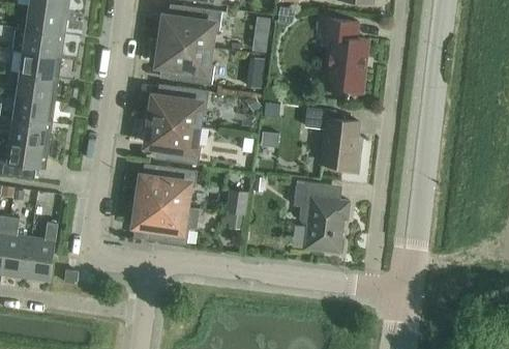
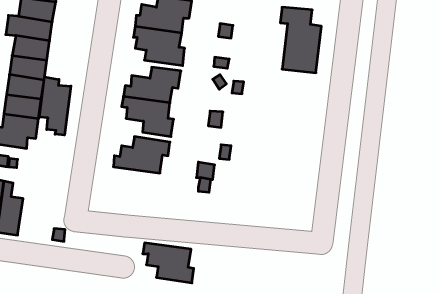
building: none -> [39,77,71,135]
building: [304,107,359,168] -> none
building: [294,181,349,254] -> none
building: [130,200,188,245] -> [143,243,194,283]
building: [24,223,57,282] -> none

